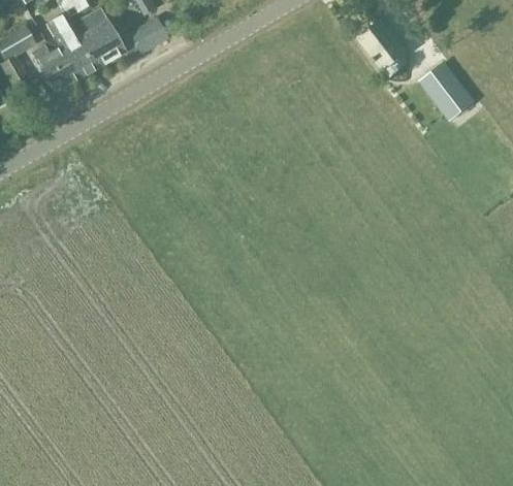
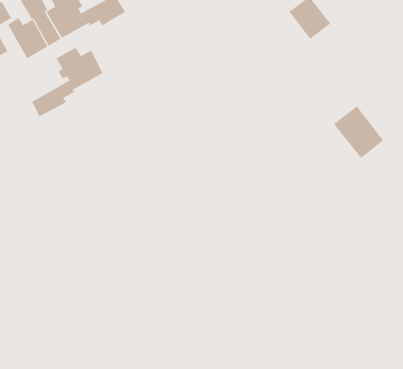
building: [417,59,476,121] -> [333,105,384,159]
building: none -> [31,47,103,117]

